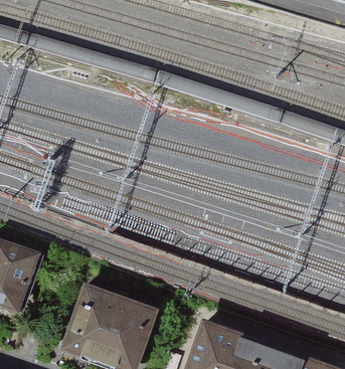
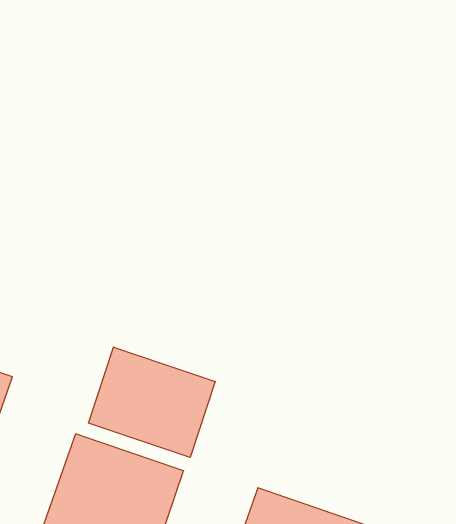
building: none -> [88,347,215,457]

